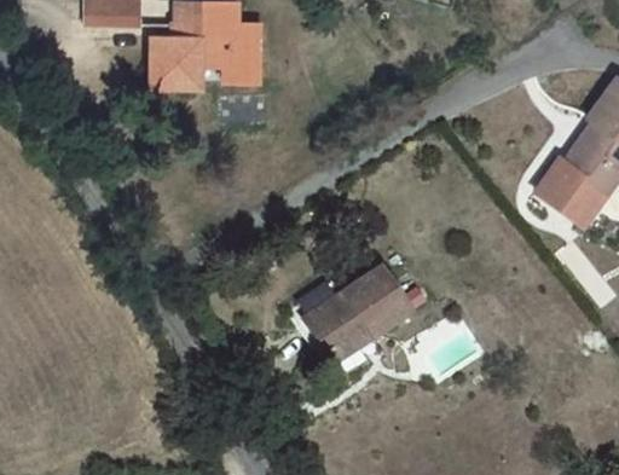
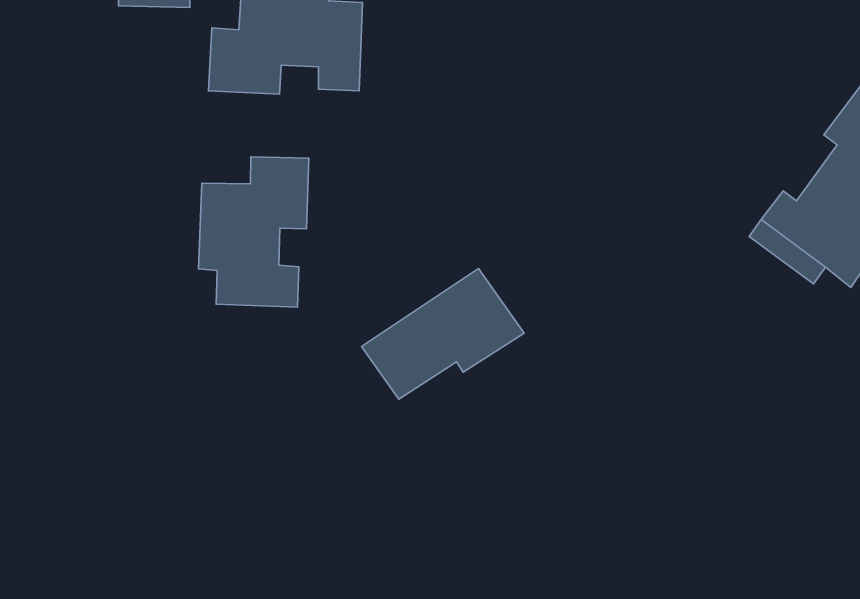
building: none -> [199,157,309,307]
building: [302,261,418,354] -> [361,269,524,399]

